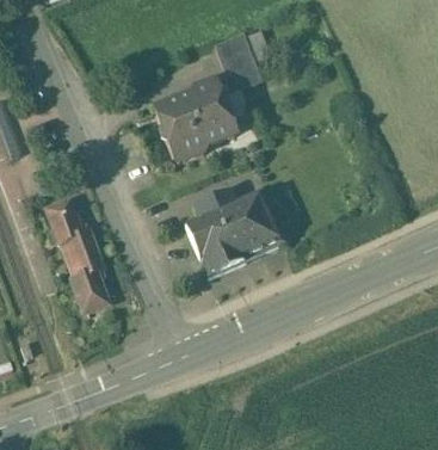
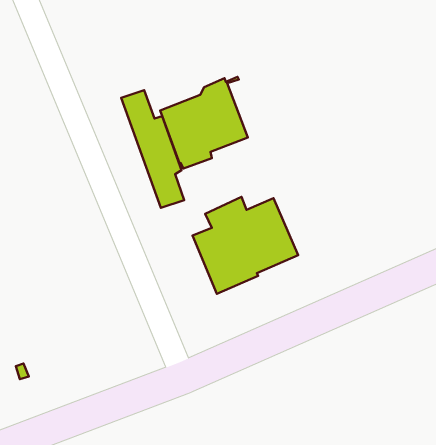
building: [214,31,260,91] -> none
building: [47,201,105,309] -> [121,90,184,208]

